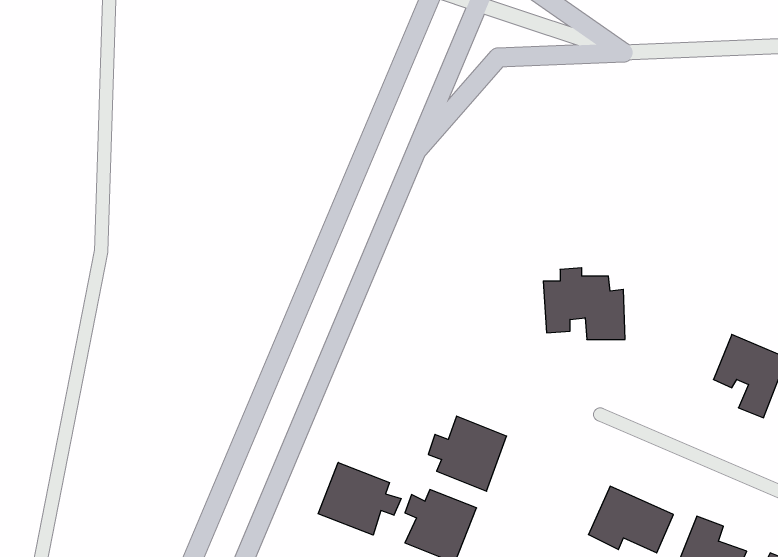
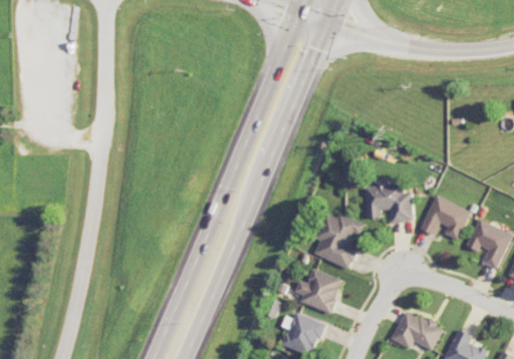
building: none -> [420,196,470,240]
building: none -> [313,214,364,269]
building: [318,462,401,535] -> none

